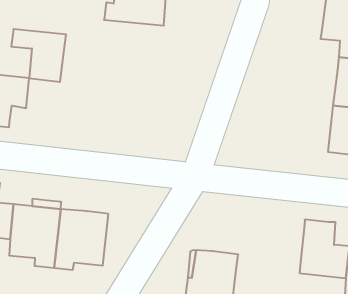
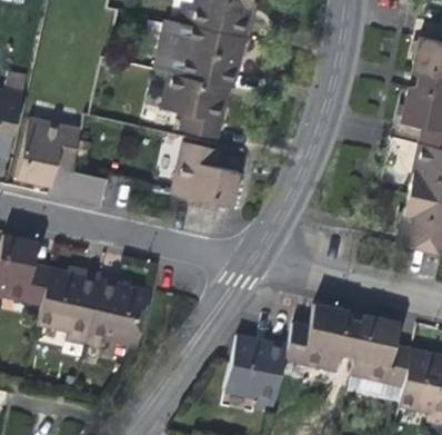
building: [11,29,66,82] -> [164,75,225,138]
building: none -> [168,142,230,206]
building: none -> [283,306,362,372]

